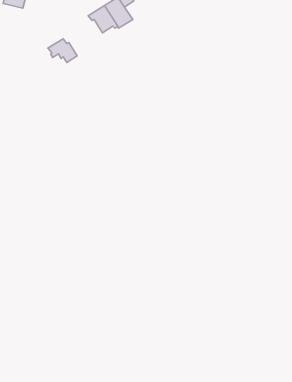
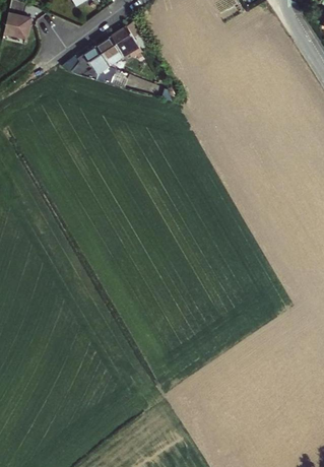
building: [48,39,77,62] -> [79,48,111,73]

